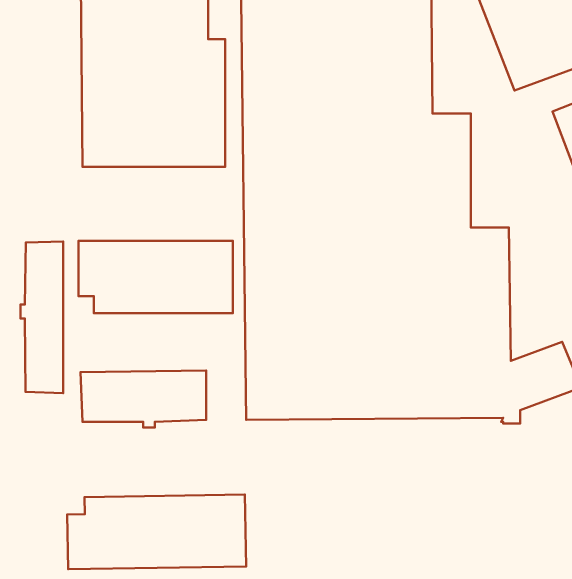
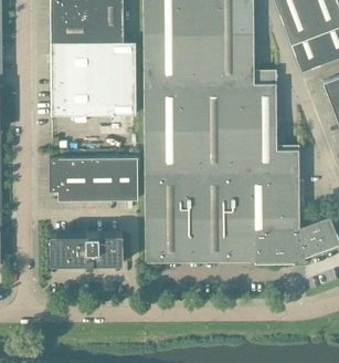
building: [21,242,63,393] -> none
building: [67,495,246,569] -> none

